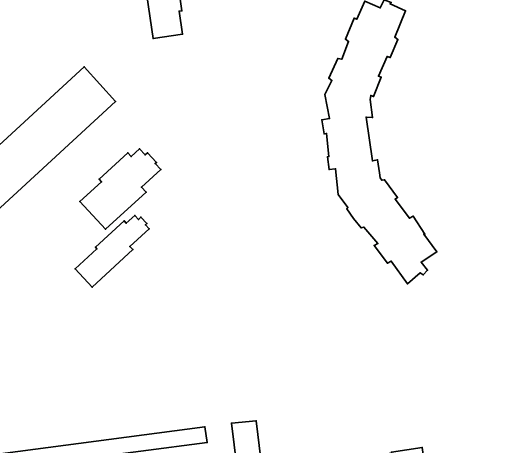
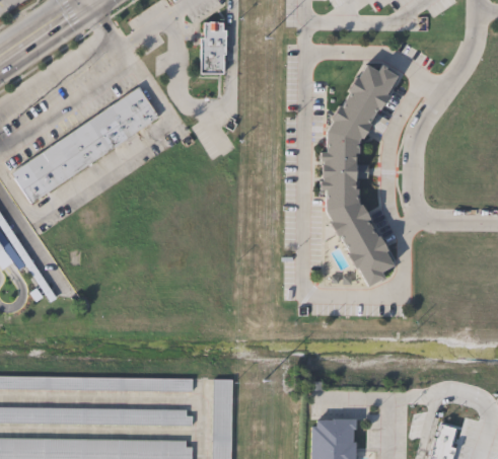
building: [80,149,161,229] -> none
building: [75,215,149,287] -> none

